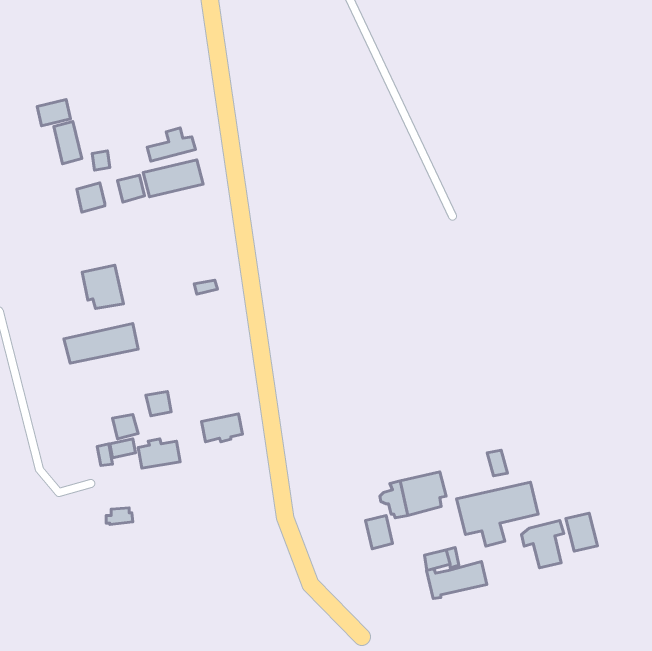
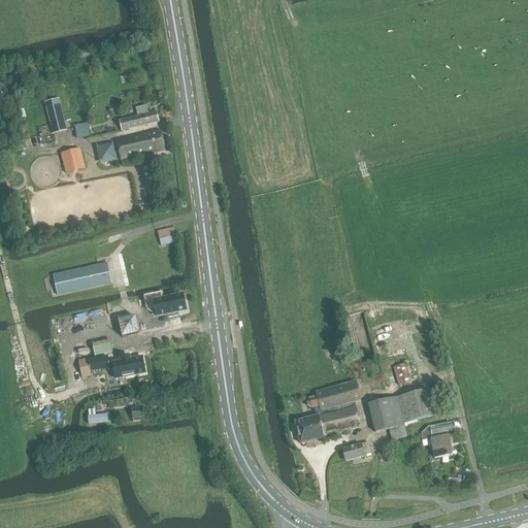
building: [37,99,70,126] -> none
building: [82,265,123,308] -> none
building: [202,414,242,442] -> [153,293,186,316]
building: [566,513,597,551] -> none
building: [427,562,487,599] -> [311,408,360,438]

